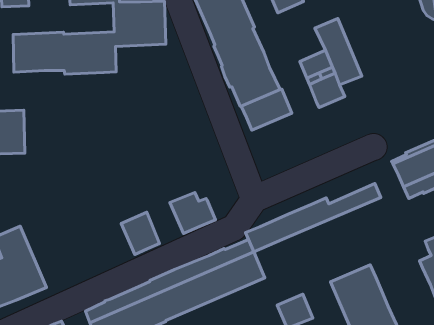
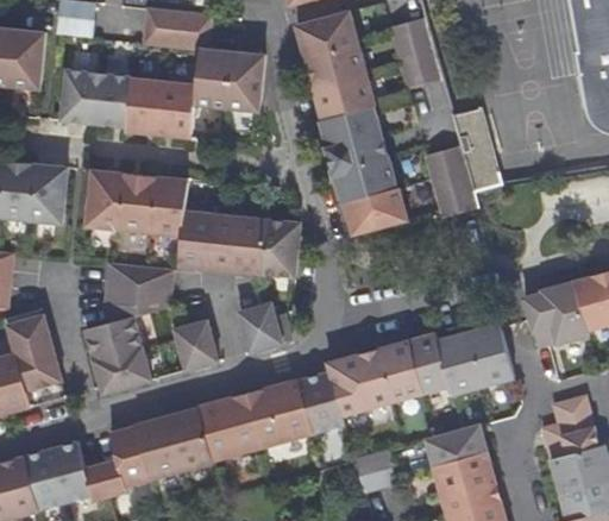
building: none -> [87,170,300,277]
building: none -> [84,263,171,393]
building: none -> [334,341,515,415]

